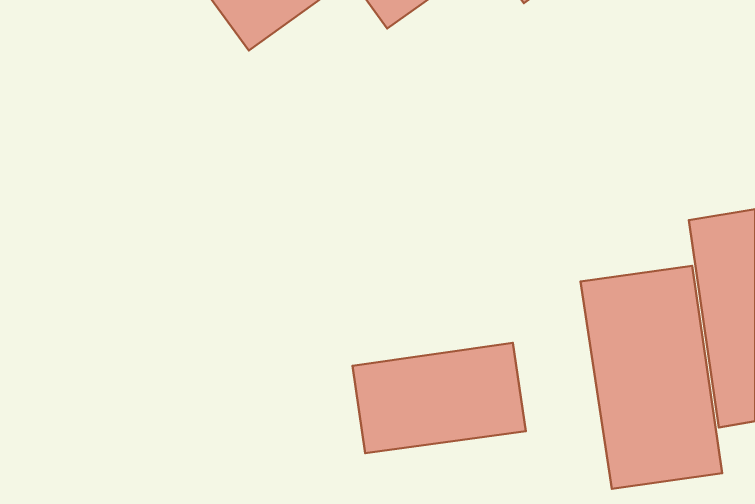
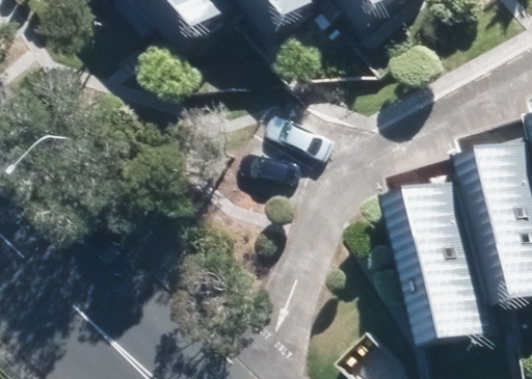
building: [353,343,526,453] -> none

